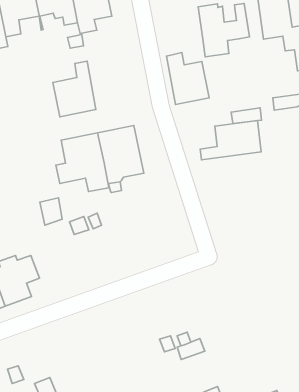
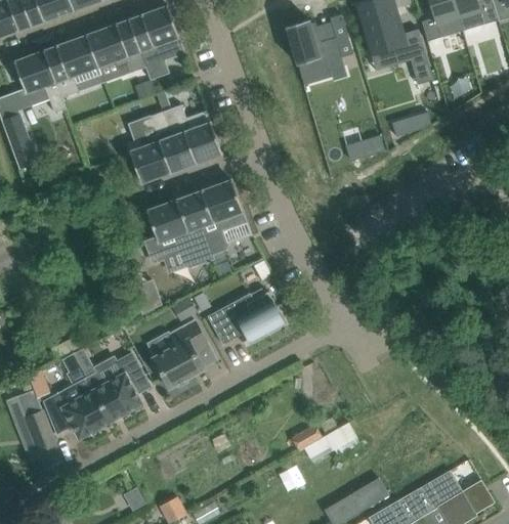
building: [167,52,209,105] -> [163,104,221,168]
building: [200,121,261,160] -> none
building: none -> [207,292,285,345]
building: none -> [152,321,207,388]

